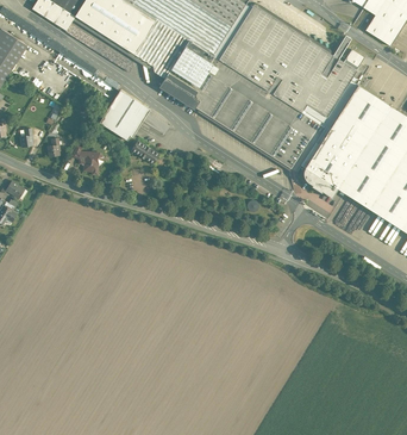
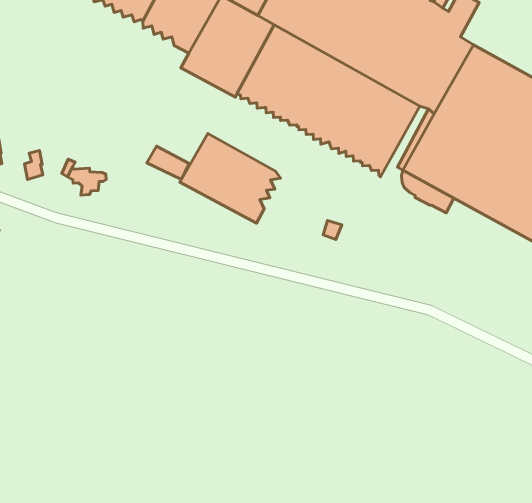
building: [100,91,148,141] -> none
building: none -> [180,134,280,223]

